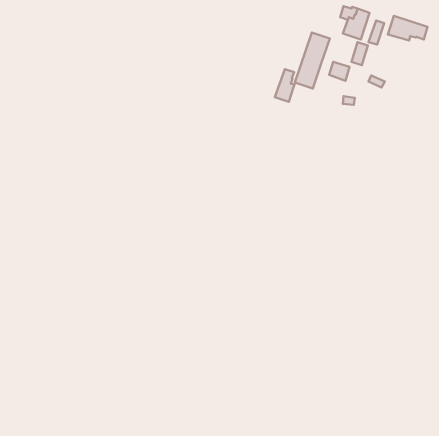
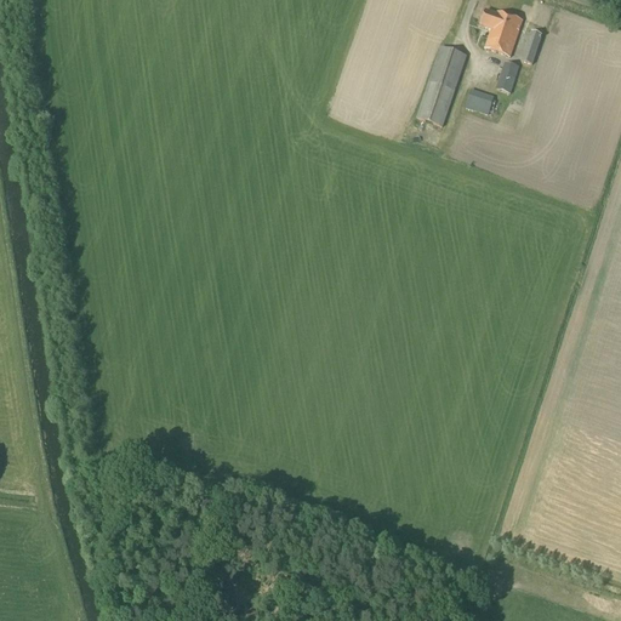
building: [388,16,428,41] -> none
building: [275,69,294,102] -> none

